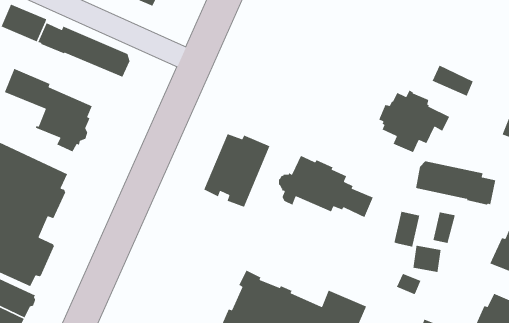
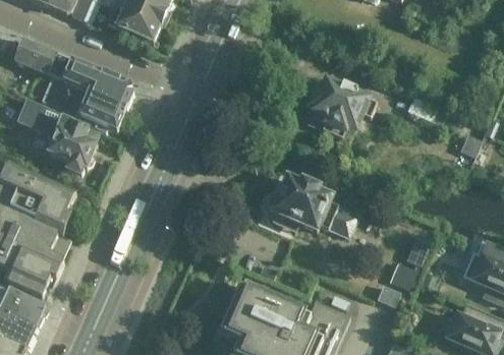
building: none -> [40,76,125,130]
building: [378,90,450,153] -> [311,78,377,136]
building: [203,133,270,208] -> none
building: [415,160,496,206] -> none
building: [393,211,420,247] -> none

